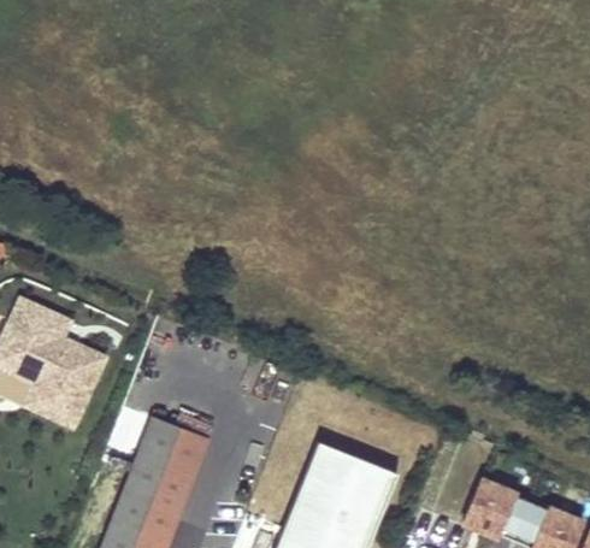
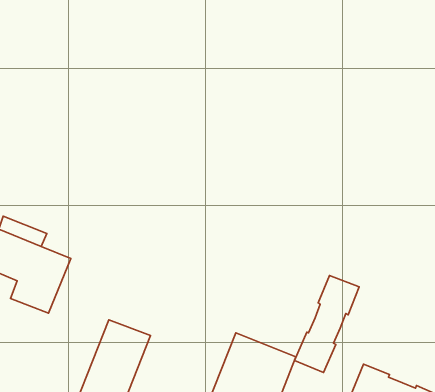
building: none -> [295,275,359,372]

